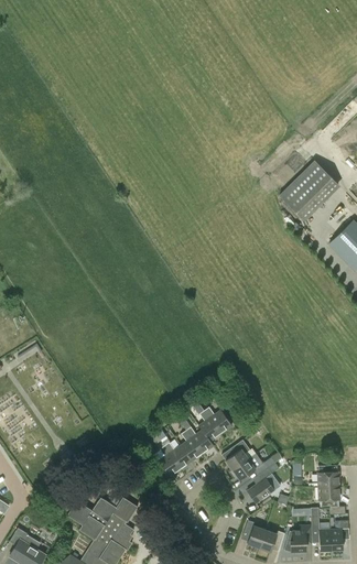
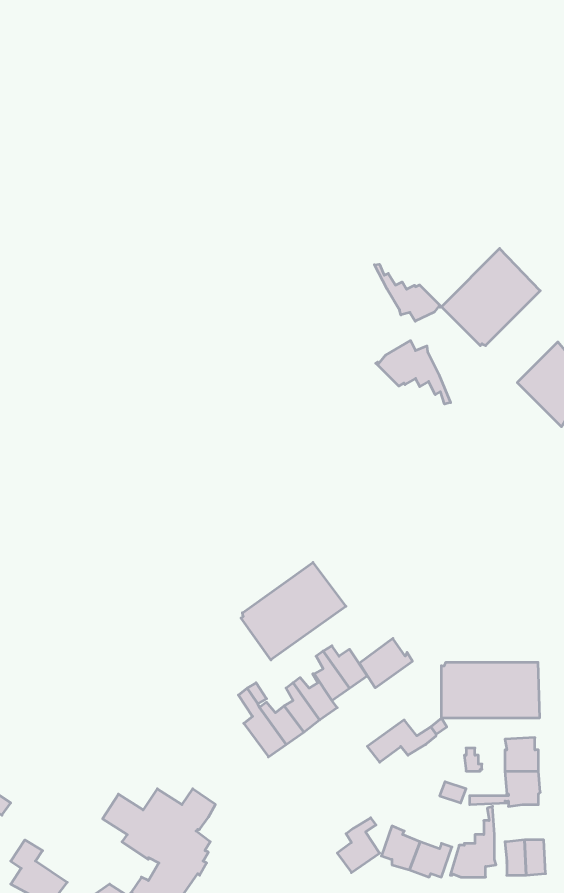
building: none -> [374,264,441,321]
building: none -> [376,341,451,404]
building: none -> [241,562,346,660]
building: none -> [441,662,539,718]
building: [221,440,255,470] -> [359,638,412,688]
building: [247,469,273,503] -> [337,818,380,873]

